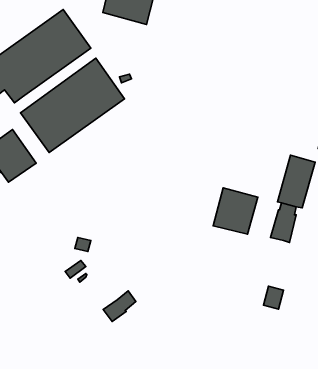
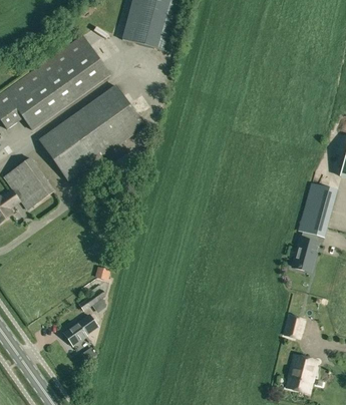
building: [213,188,258,234] -> none
building: [103,291,136,321] -> [63,314,96,345]
building: none -> [285,354,317,392]

